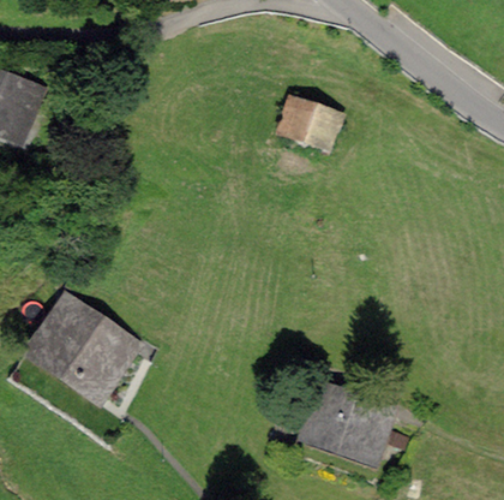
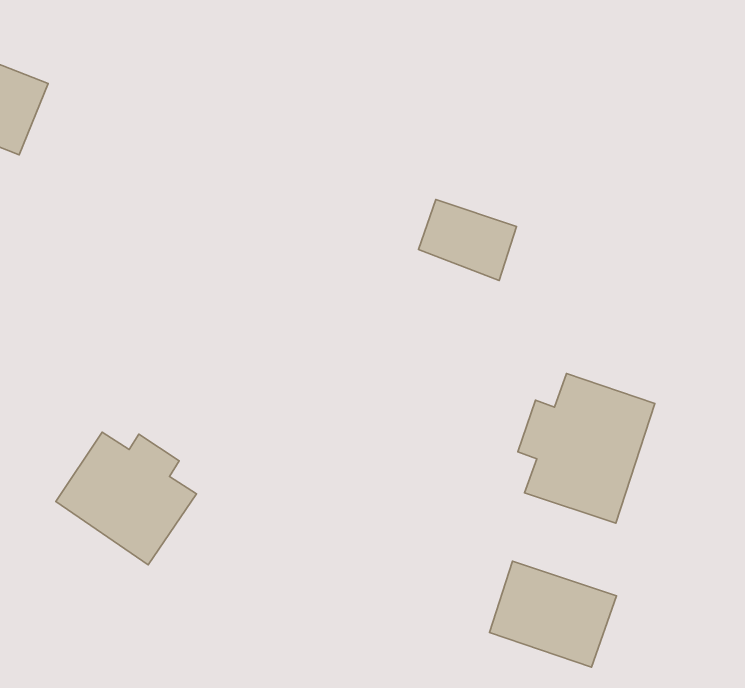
building: [278,99,340,149] -> [418,200,517,280]
building: none -> [518,373,655,523]

